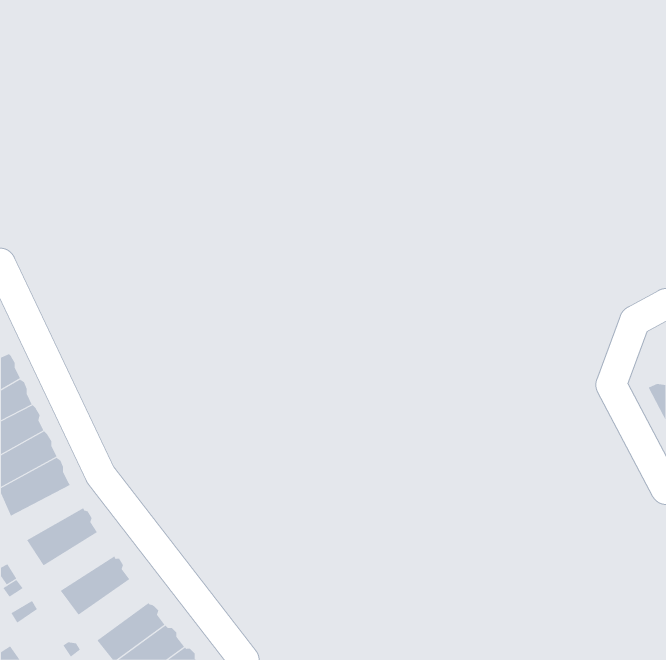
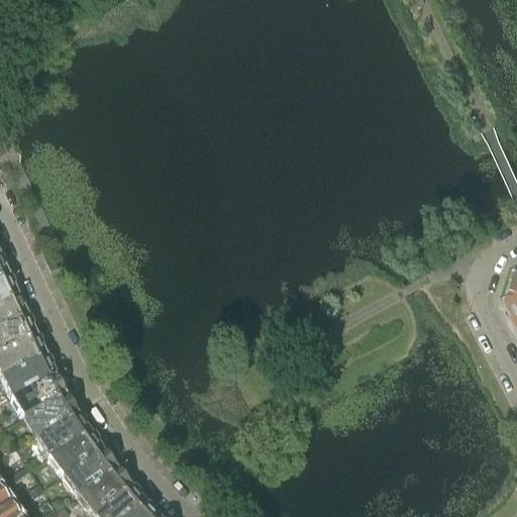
building: none -> [8,376,65,418]
building: none -> [33,412,89,457]
building: none -> [61,448,115,496]

